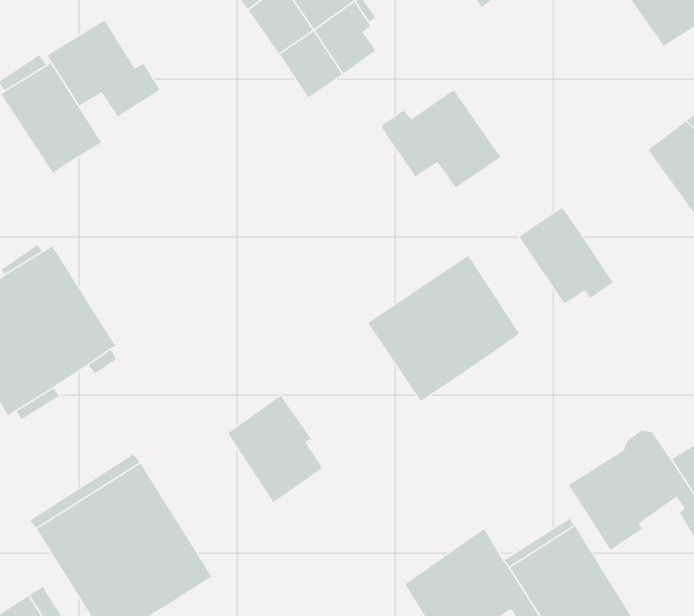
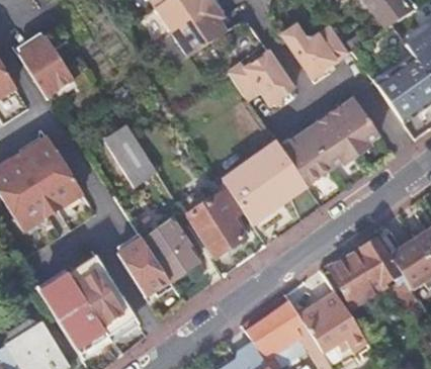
building: [46,19,161,118] -> none
building: none -> [281,22,349,78]
building: none -> [328,98,378,157]
building: none -> [104,124,156,183]
building: none -> [280,131,329,185]
building: none -> [185,189,244,255]
building: none -> [117,238,174,296]

